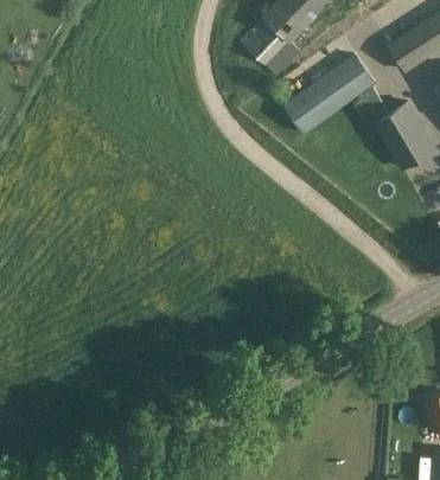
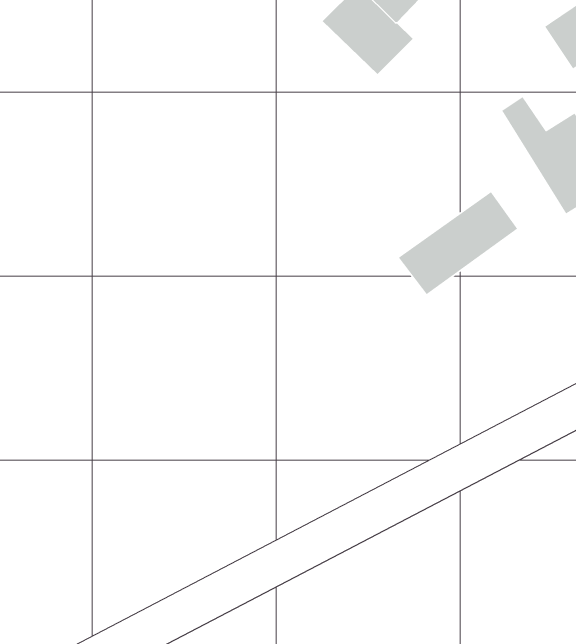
building: [288,59,368,128] -> [398,191,518,295]

